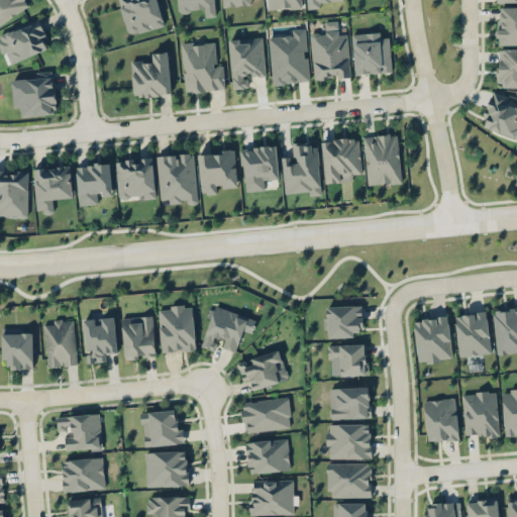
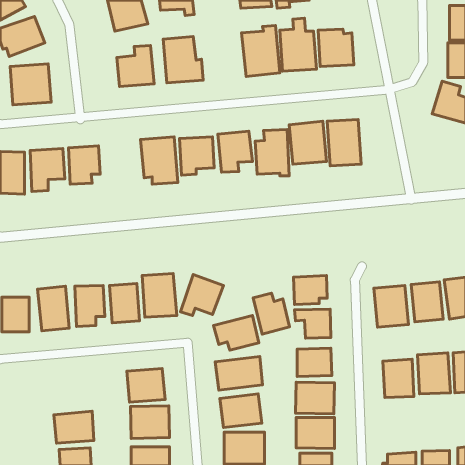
building: [230,38,267,90] -> none
building: [115,157,157,201] -> none
building: none -> [253,293,289,334]
building: [57,413,103,450] -> none

